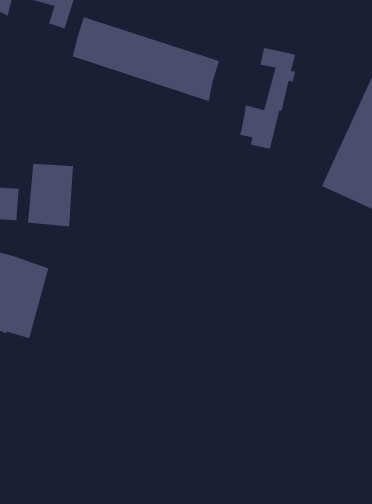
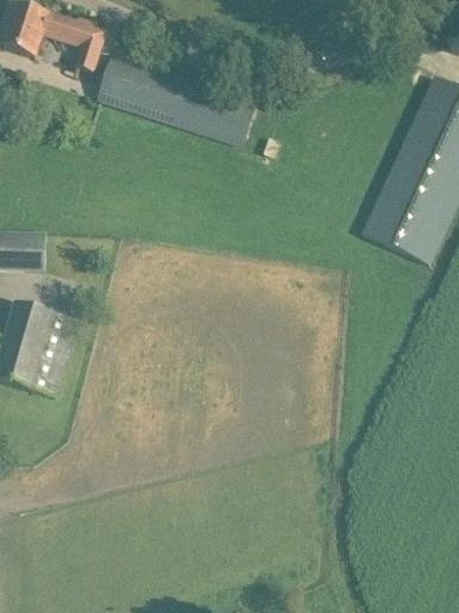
building: [240,47,296,150] -> none
building: [28,163,73,227] -> none

